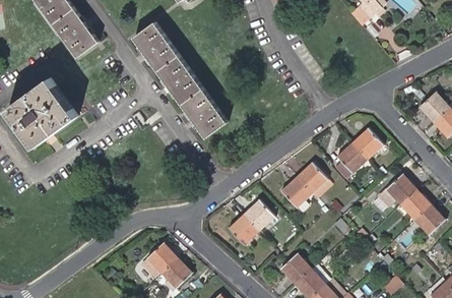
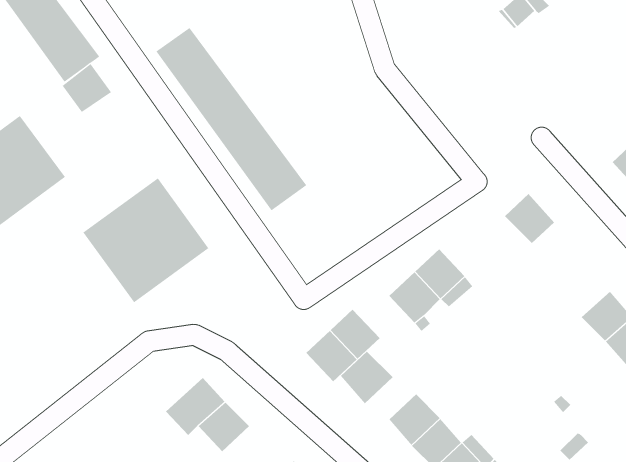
building: none -> [62,63,112,113]
building: none -> [83,178,209,303]
building: [335,141,369,179] -> none
building: [385,173,417,204] -> none
building: none -> [340,351,394,404]

